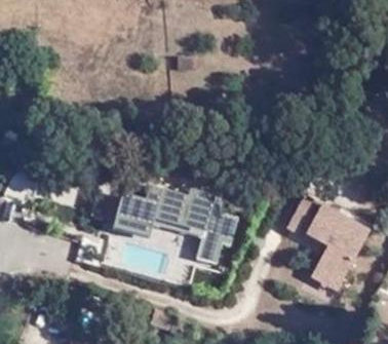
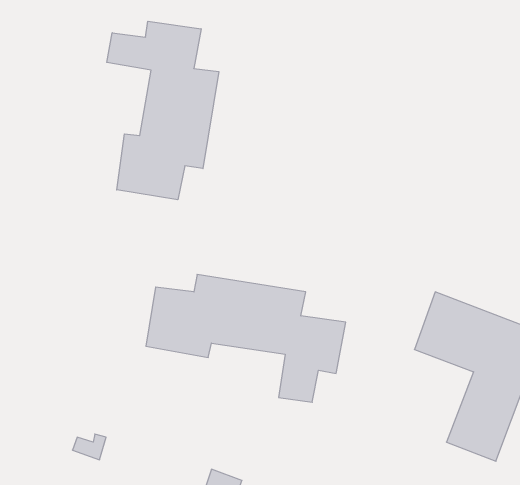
building: none -> [107,21,219,200]

